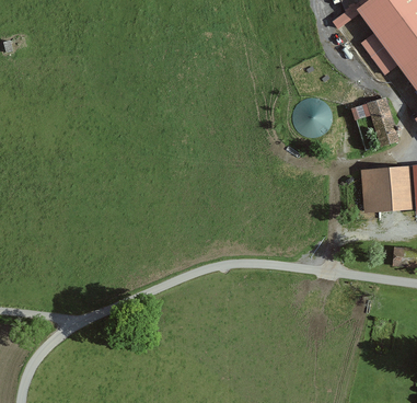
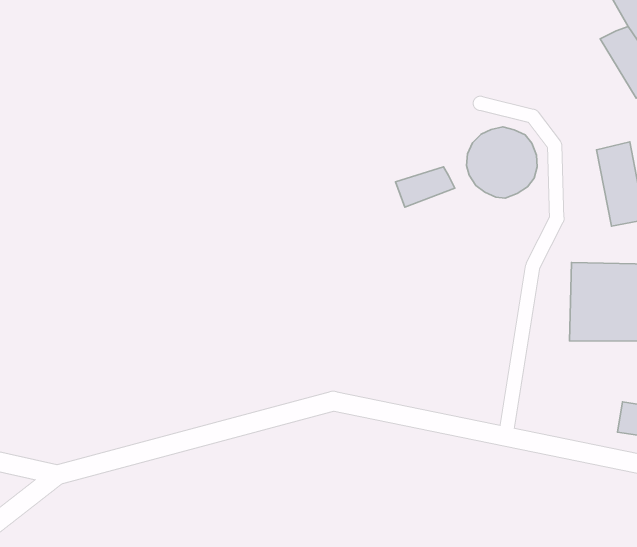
building: none -> [396,167,455,207]

